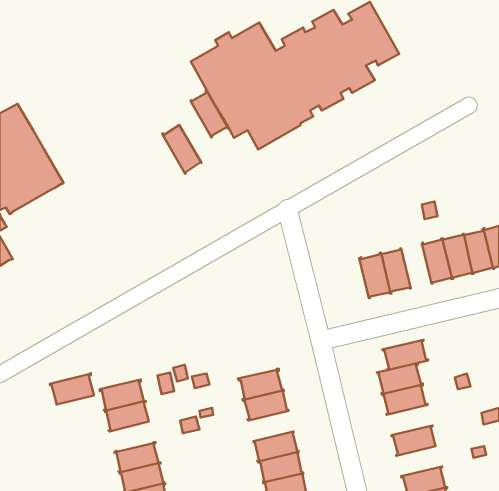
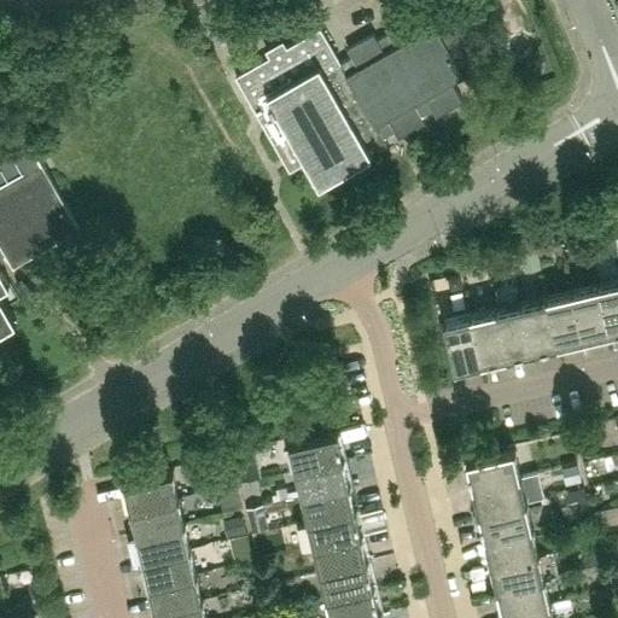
building: [190,91,228,137] -> none
building: [162,125,202,174] -> none
building: none -> [495,311,532,367]
building: [382,340,428,370] -> [477,511,534,548]
building: none -> [287,441,342,478]
building: [50,373,94,404] -> [135,530,190,569]
building: none -> [297,518,362,558]
building: none -> [489,558,558,599]

